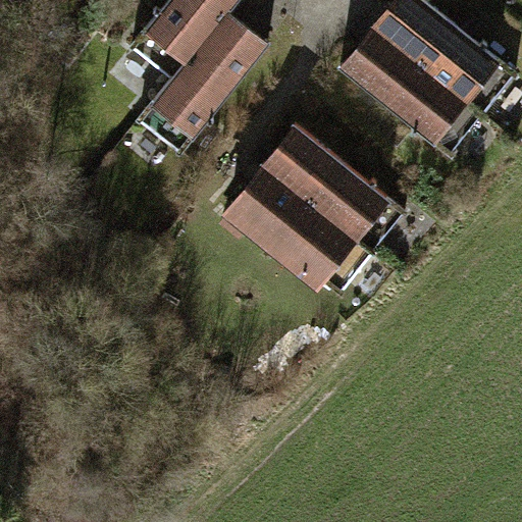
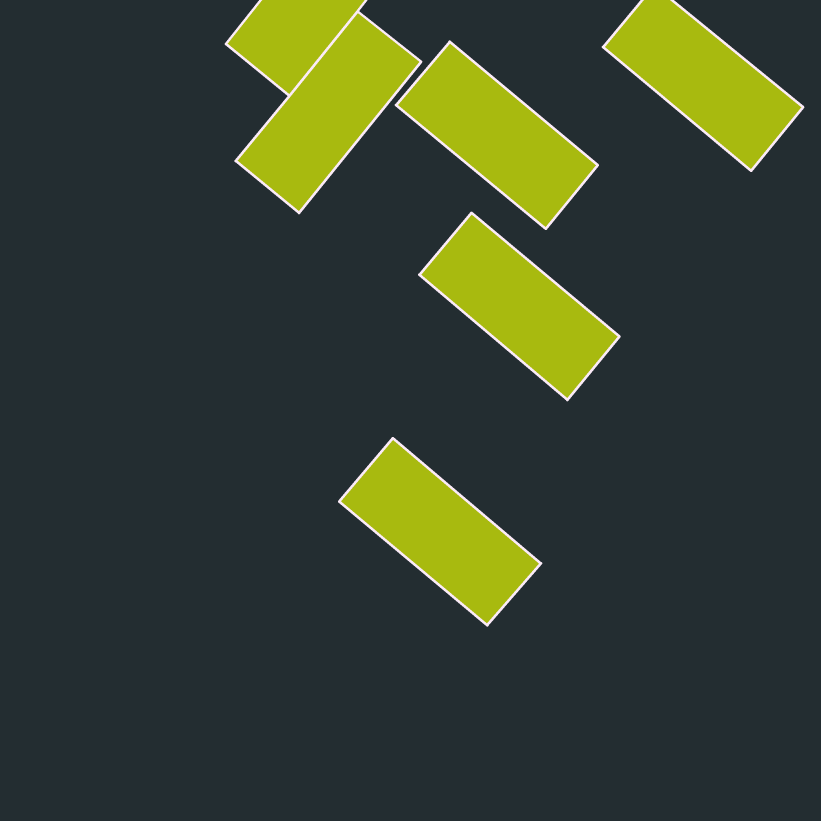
building: [345,30,471,147] -> [396,42,598,229]
building: [229,172,356,290] -> [339,438,541,625]

